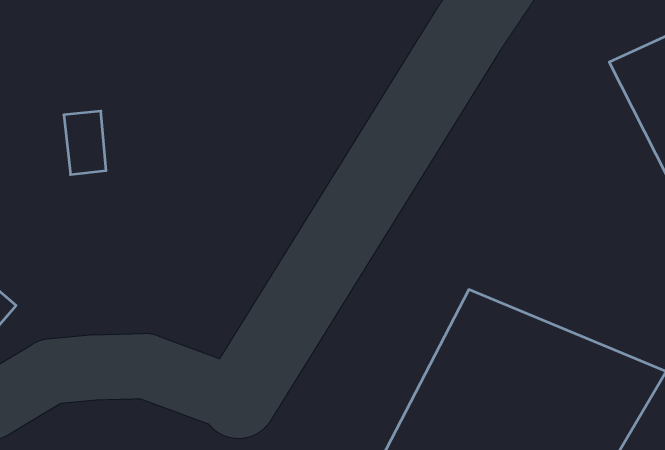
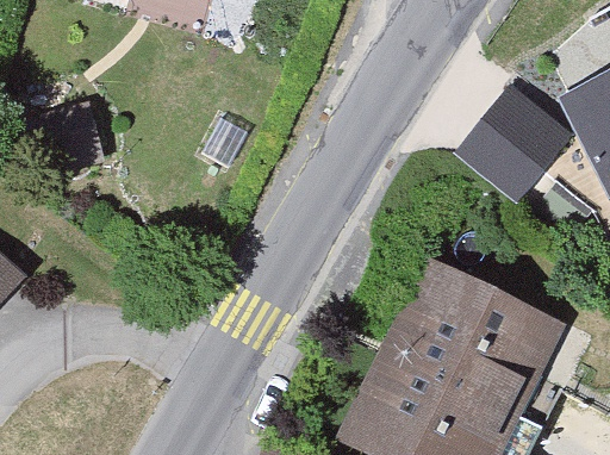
building: none -> [460,77,564,186]

